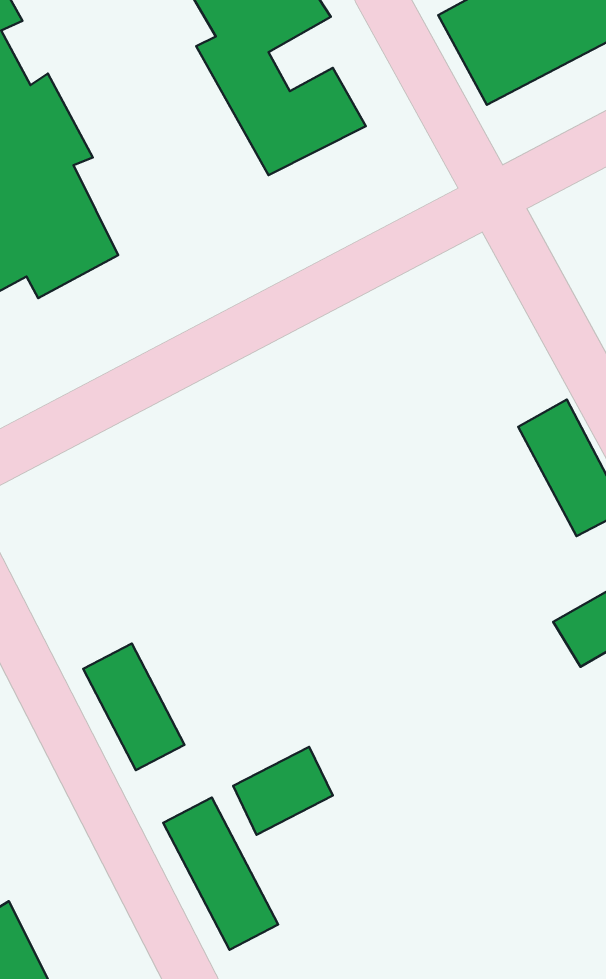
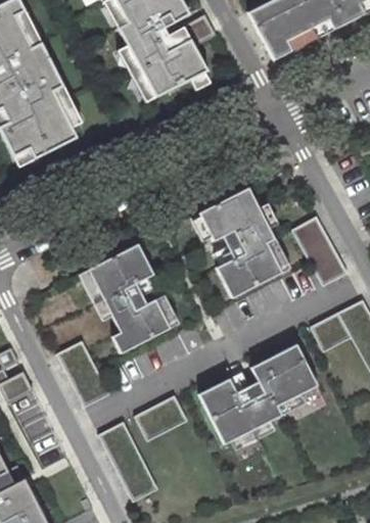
building: none -> [196,187,279,297]
building: none -> [85,243,168,353]
building: none -> [197,343,317,443]

